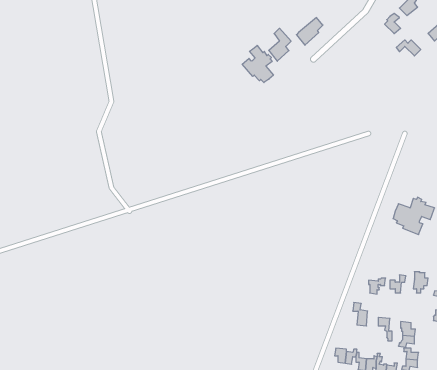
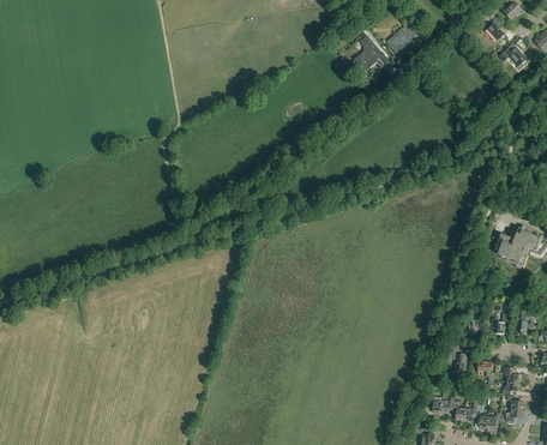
building: [242,45,273,83] -> none

